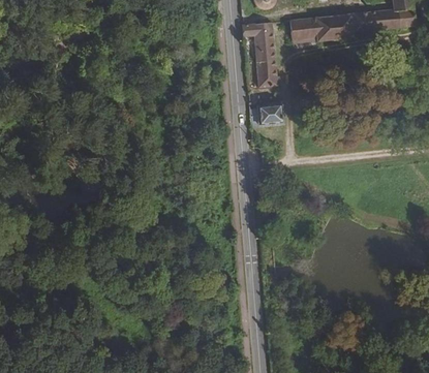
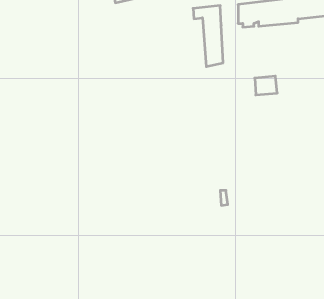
building: [257,104,282,125] -> [255,76,277,95]

